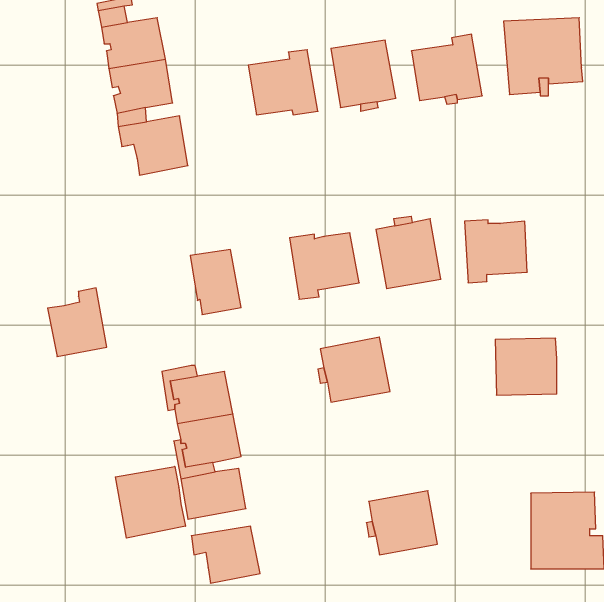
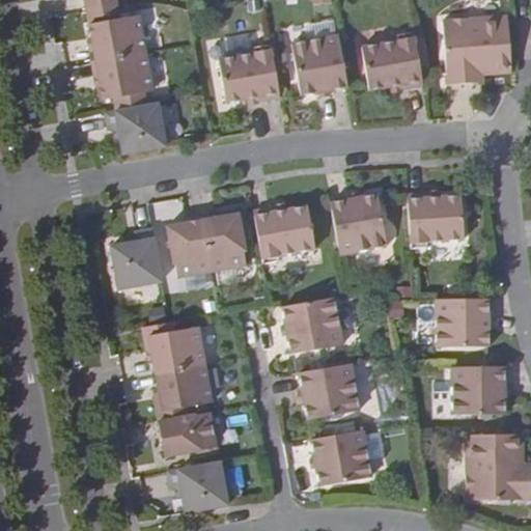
building: none -> [202,213,246,270]
building: [48,288,107,357] -> [109,227,161,287]
building: none -> [451,365,506,414]
building: none -> [307,368,368,424]
building: [115,466,185,538] -> none

